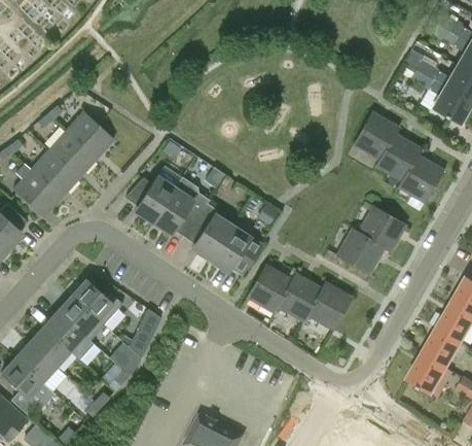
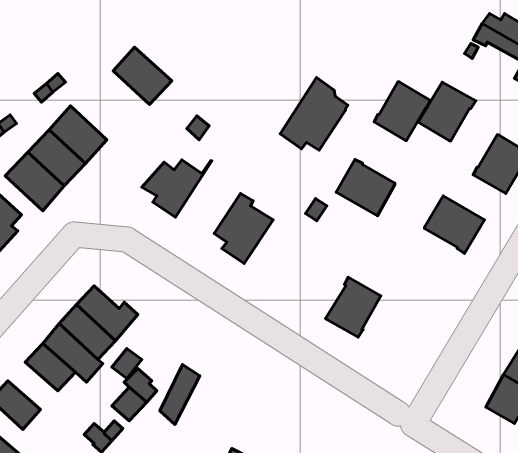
building: [67,111,115,159] -> [113,47,172,105]
building: [375,133,422,181] -> [374,82,430,141]
building: [153,176,209,236] -> [280,78,348,150]
building: [210,225,256,274] -> none
building: [336,228,385,274] -> [336,160,395,216]
building: [247,264,293,313] -> none
building: [306,281,353,331] -> none
building: [129,308,161,357] -> [160,365,200,425]
building: [15,342,57,381] -> none

